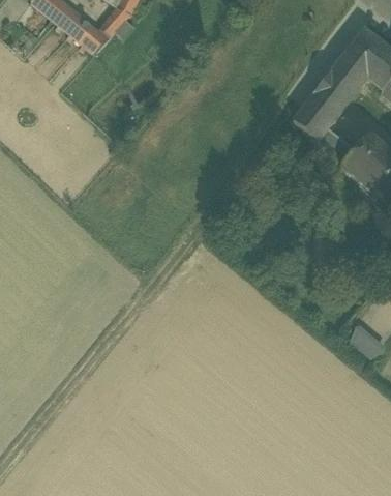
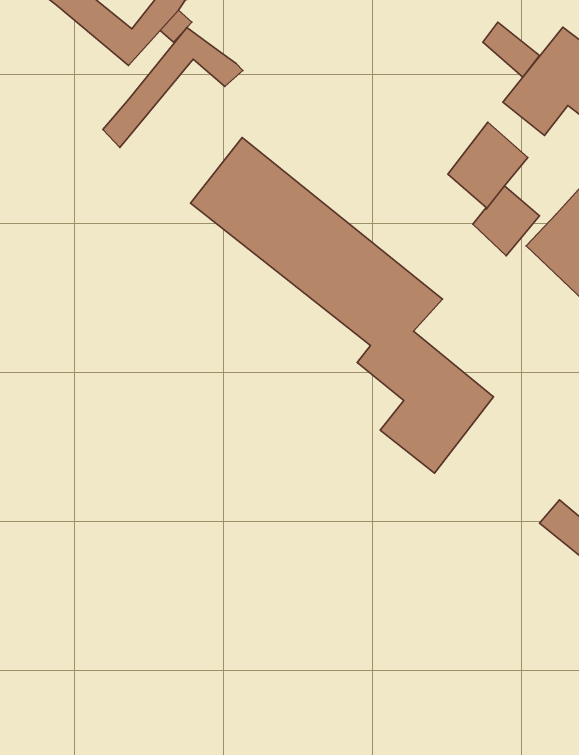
building: none -> [103,28,243,147]
building: [315,76,351,110] -> [483,22,540,77]
building: none -> [191,138,494,473]

